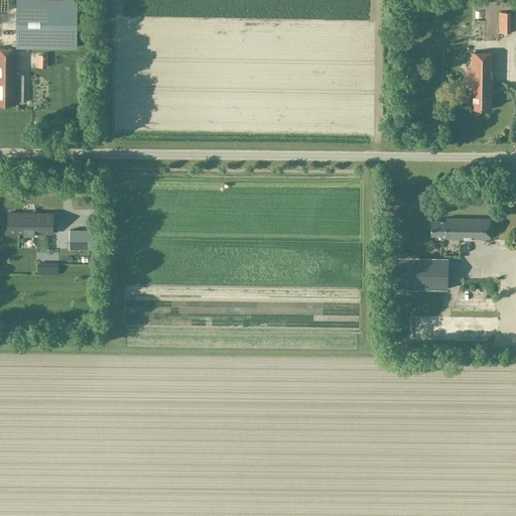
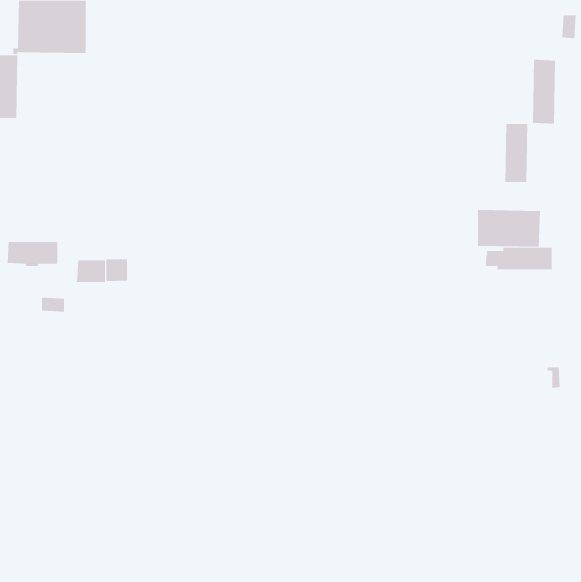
building: none -> [505,123,528,183]
building: none -> [106,259,128,282]
building: [391,257,447,290] -> [477,210,541,247]

